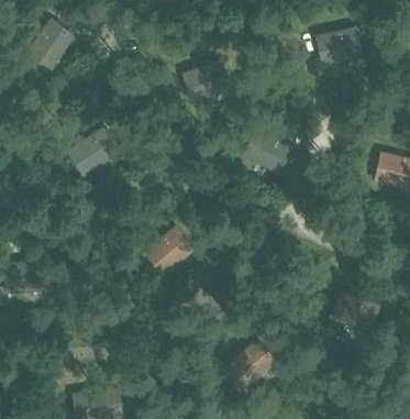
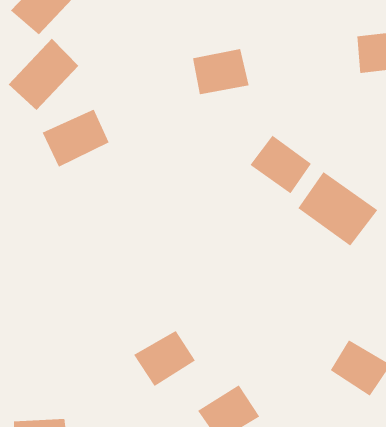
building: none -> [8,38,79,111]
building: none -> [297,171,378,246]
building: [142,227,195,276] -> [133,330,196,387]

